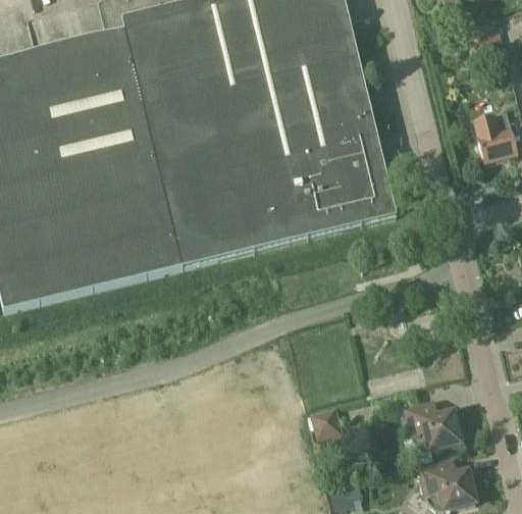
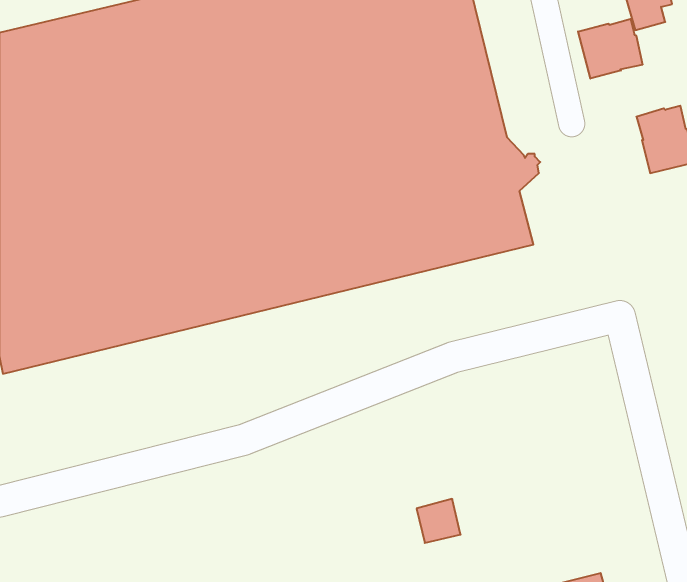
building: none -> [578,19,642,79]
building: [404,397,461,447] -> none

